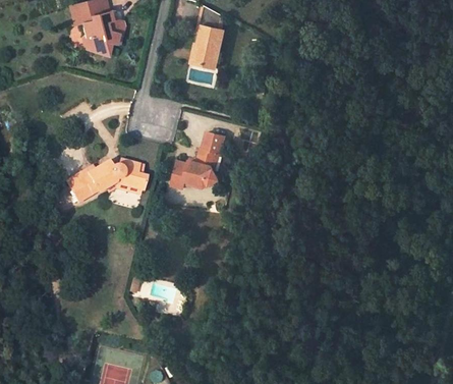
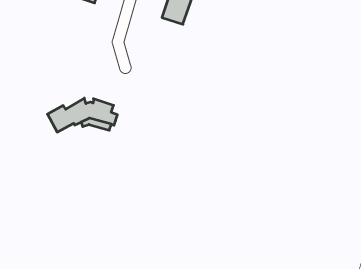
building: [172,131,225,188] -> none

